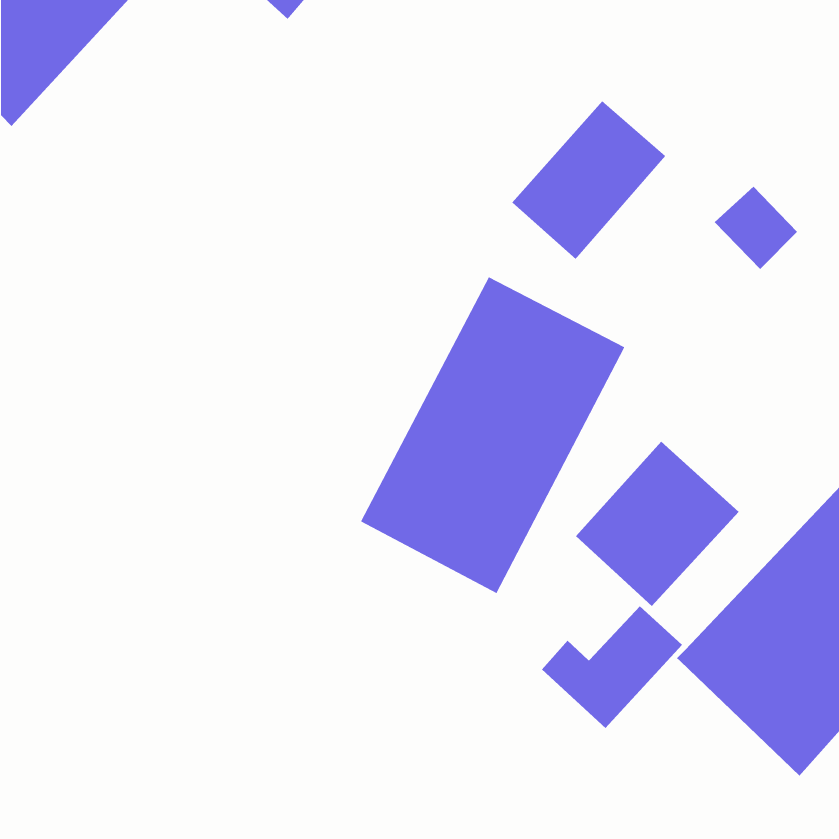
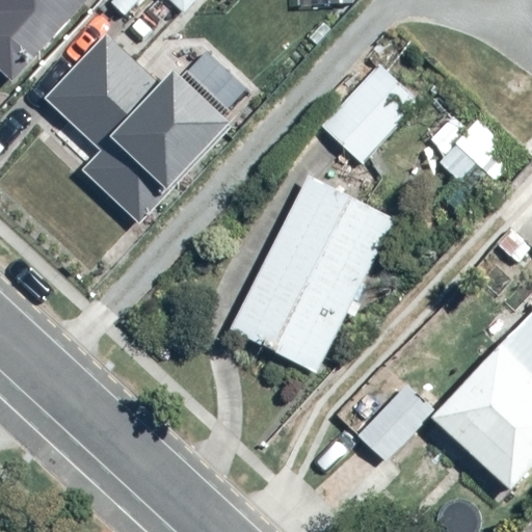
building: none -> [43,31,256,220]
building: [575,441,740,607] -> none

